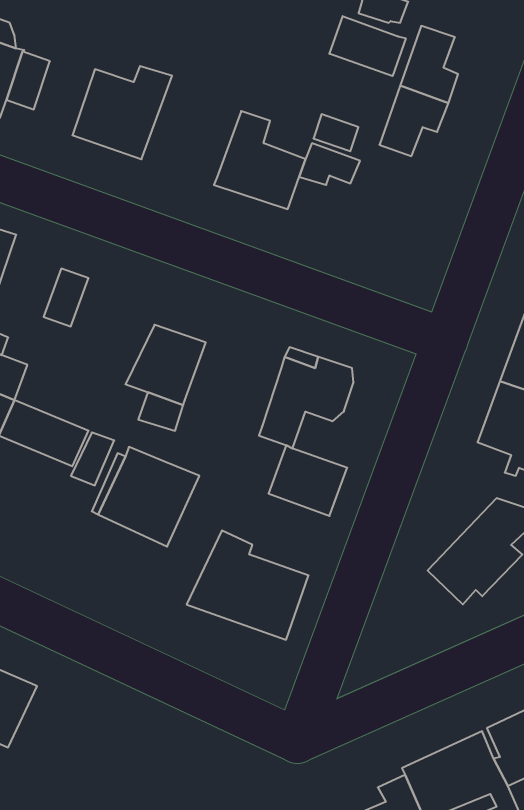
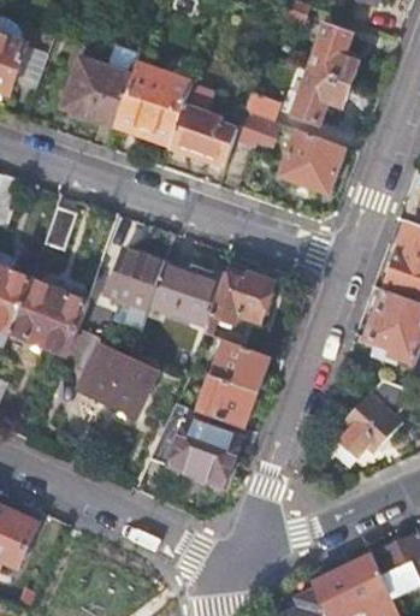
building: [329,16,406,76] -> none
building: none -> [116,63,193,138]
building: none -> [279,129,345,194]
building: none -> [148,262,220,325]
building: none -> [20,279,85,328]
building: none -> [199,375,256,428]

